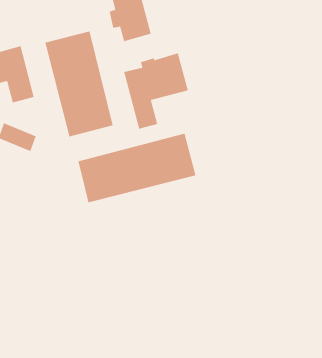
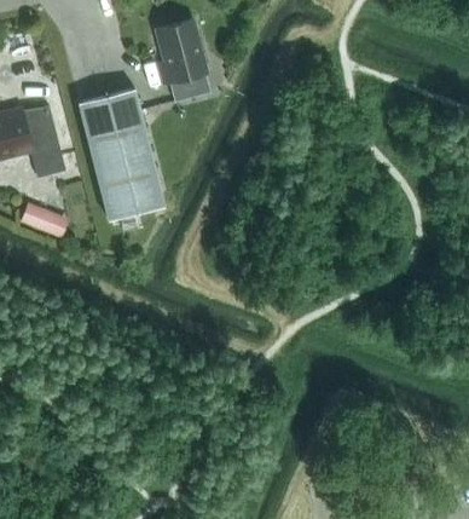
building: [124,53,189,130] -> none
building: [78,133,196,203] -> none

